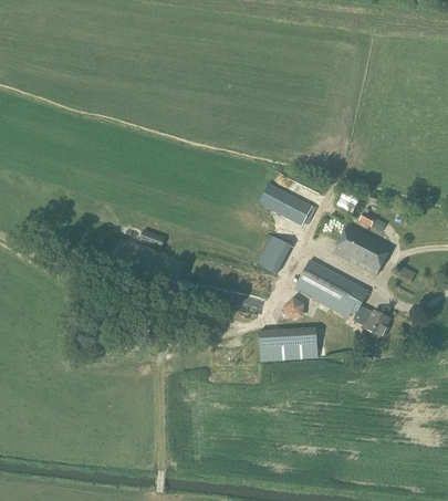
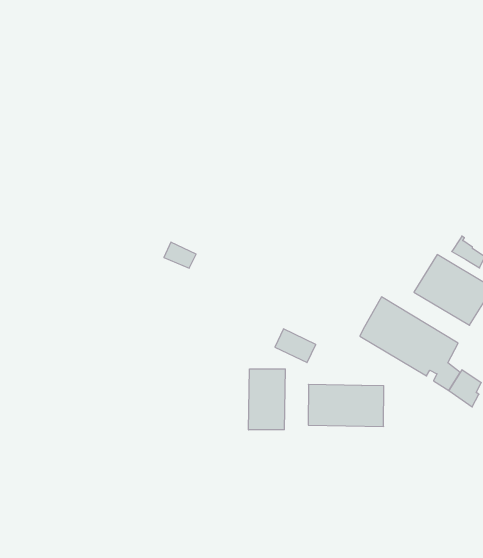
building: [259,182,313,226] -> none
building: [254,233,292,274] -> none
building: none -> [249,369,285,430]

